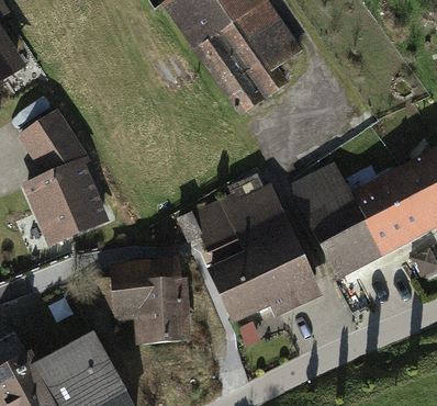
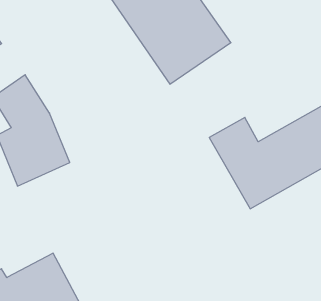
building: [189,185,323,329] -> none
building: [110,257,184,345] -> none

